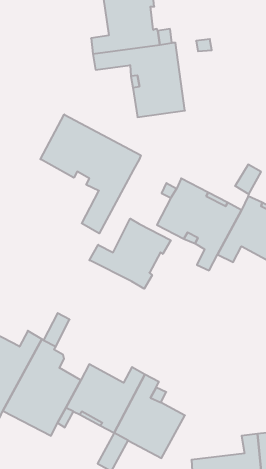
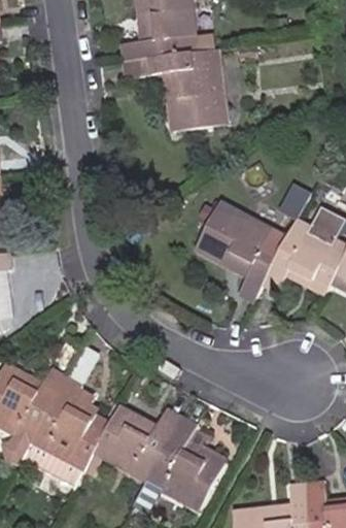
building: [40,114,141,233] -> none
building: [89,219,171,289] -> none

